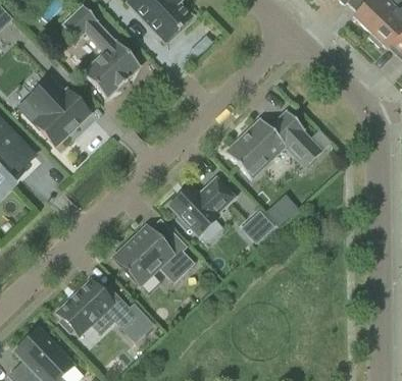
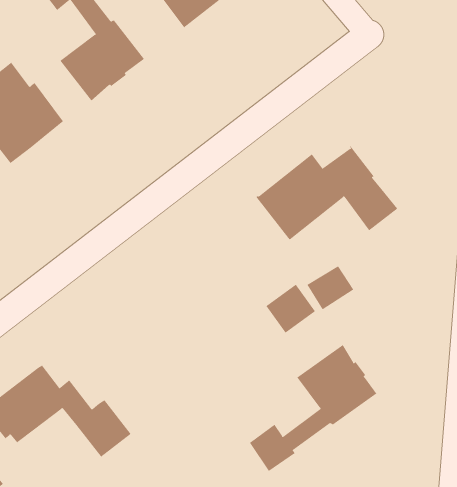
building: [169,177,235,235] -> none
building: [113,225,194,285] -> none
building: none -> [249,344,377,472]

